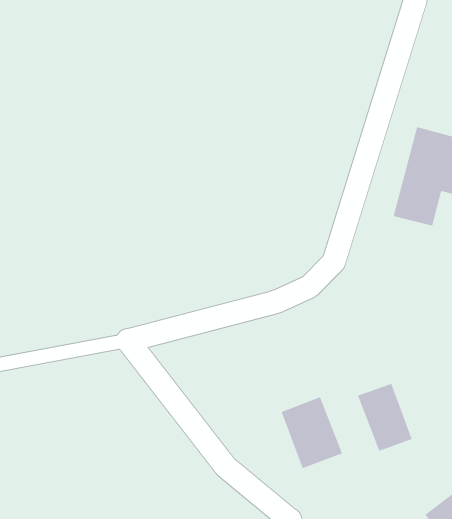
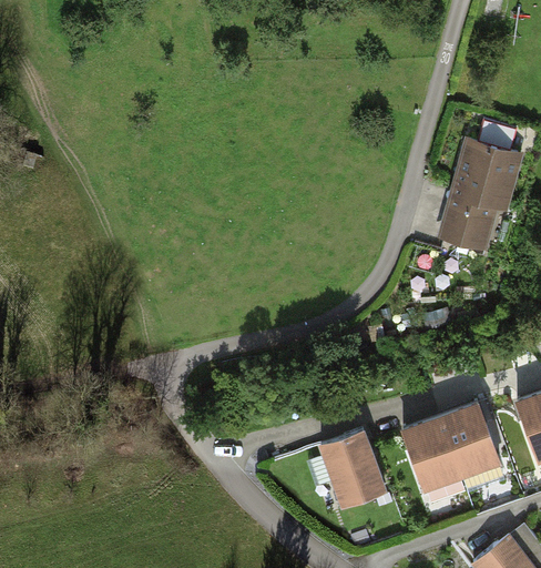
building: none -> [439,404,499,479]

